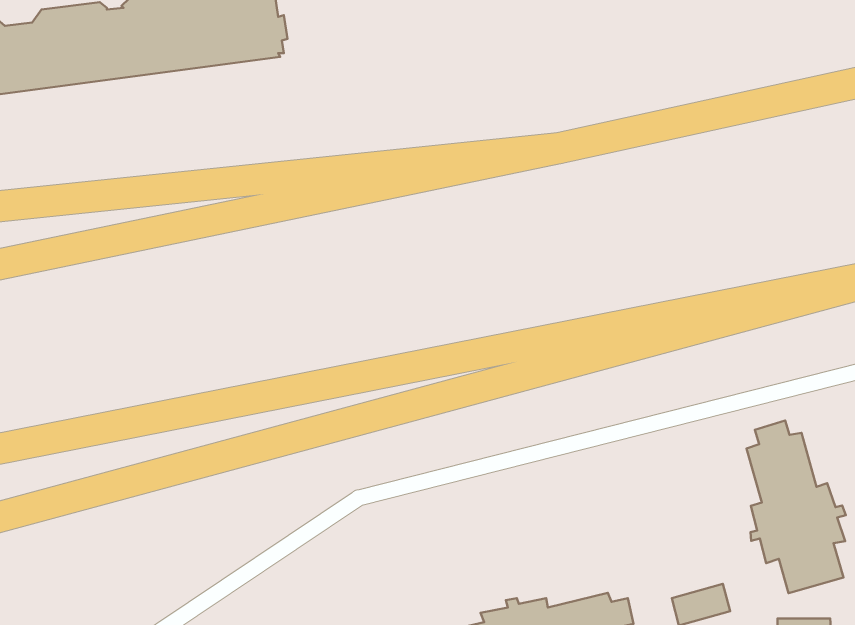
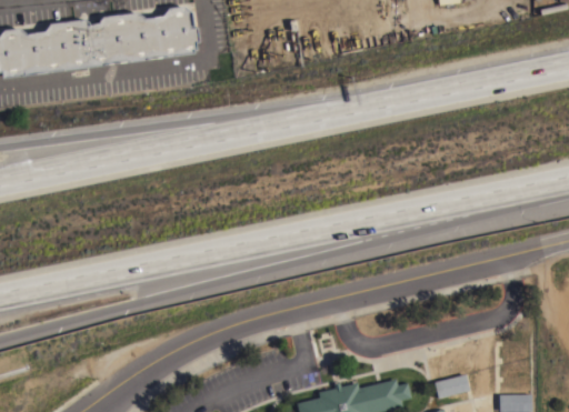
building: [747,420,846,593] -> none

